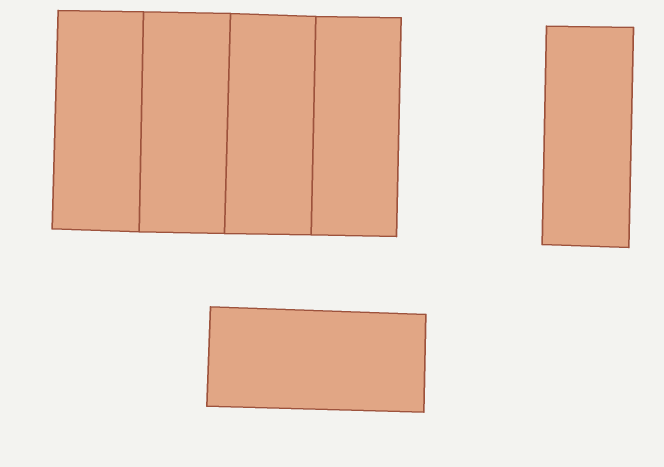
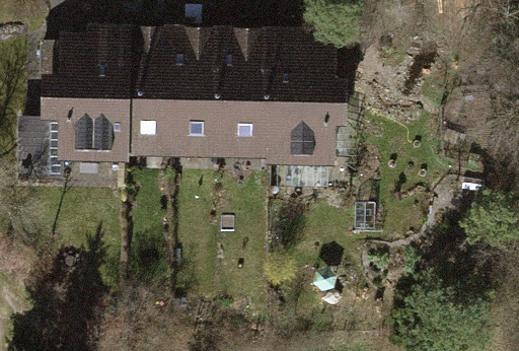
building: [542,26,633,248] -> [285,45,347,195]
building: [207,307,426,412] -> none

